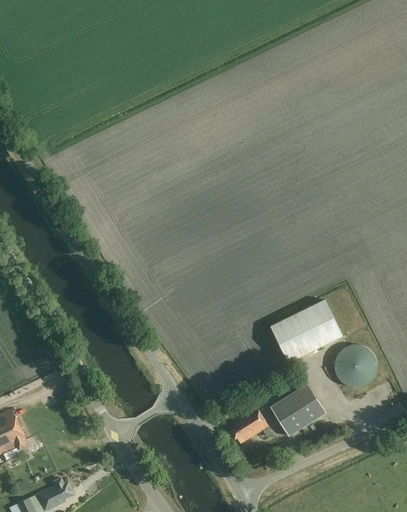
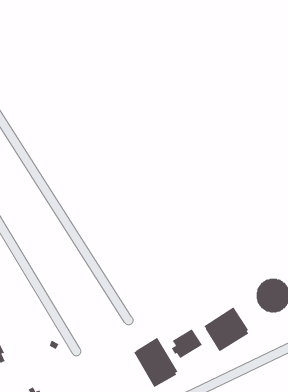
building: [270,301,342,363] -> none
building: none -> [133,337,178,388]

